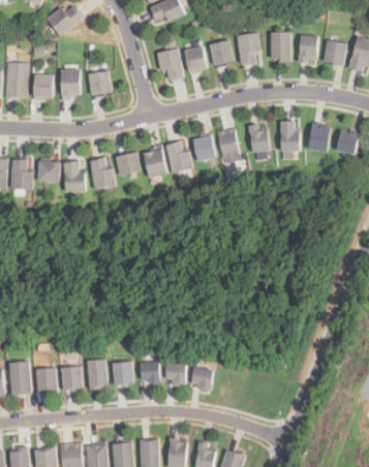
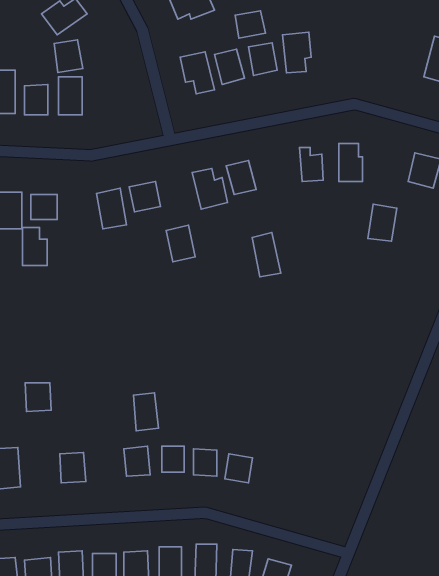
building: none -> [235,11,265,38]
building: [271,32,289,60] -> none
building: [300,36,317,62] -> none
building: [324,40,347,66] -> none
building: [89,71,112,97] -> [54,40,83,72]
building: [310,123,333,152] -> [368,204,397,241]
building: [218,128,241,163] -> [252,232,281,277]
building: [145,148,167,177] -> [166,225,195,262]
building: [66,161,86,191] -> [22,228,47,266]
building: [88,357,107,387] -> [134,393,158,431]
building: [36,367,57,390] -> [25,383,51,412]

